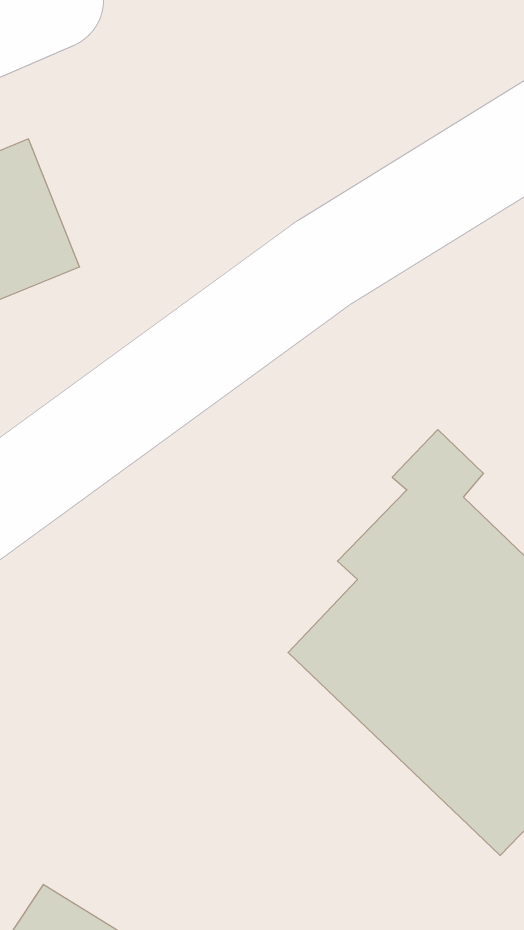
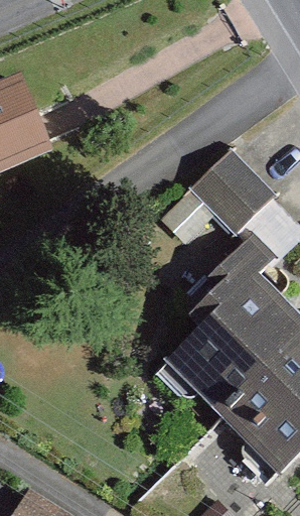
building: none -> [191,151,276,236]

